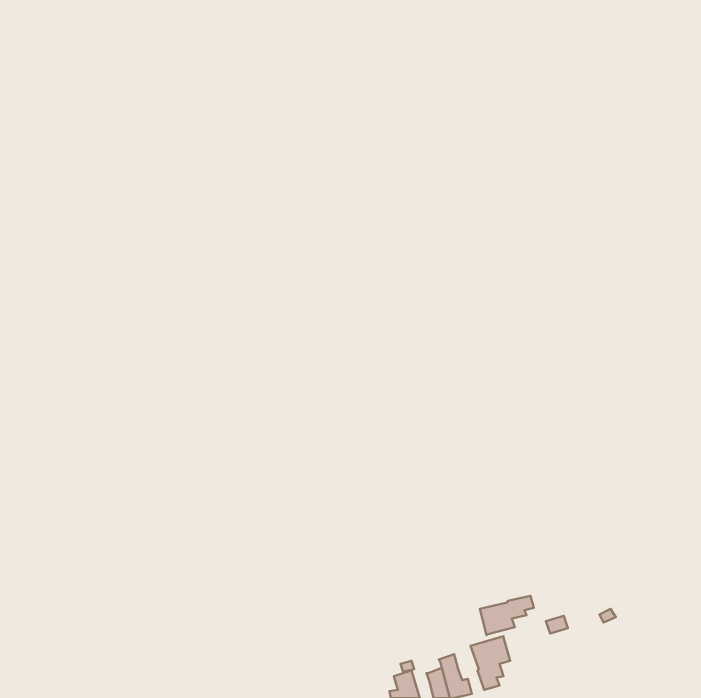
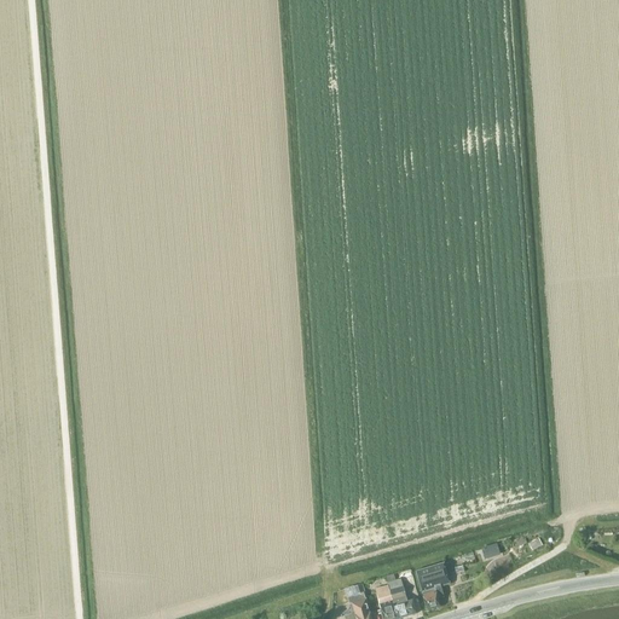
building: [480,596,534,635] -> none

